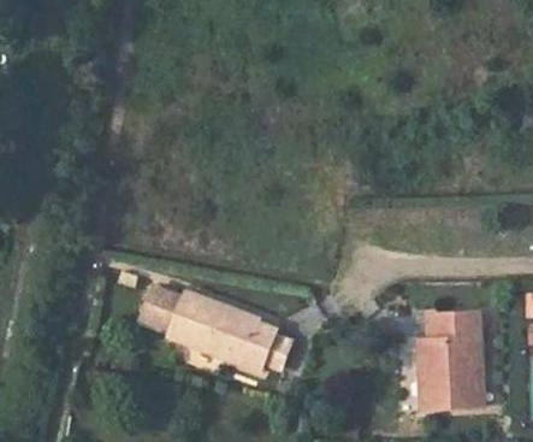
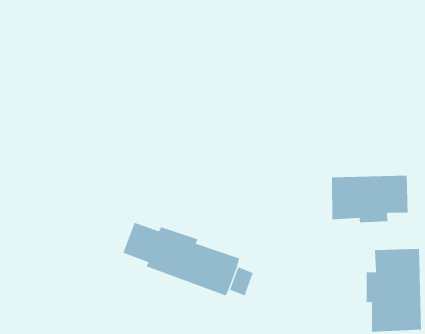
building: none -> [331,175,408,223]

